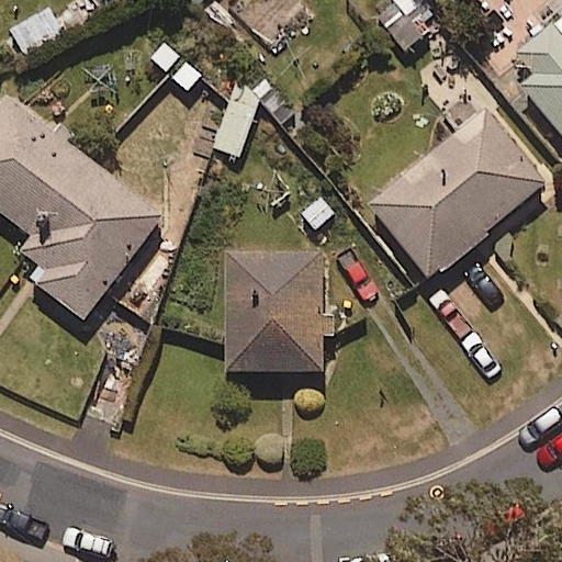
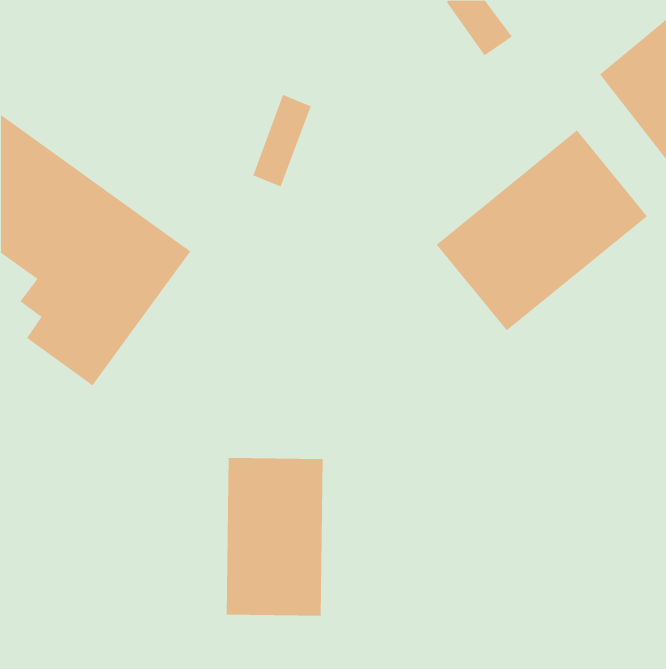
building: [225,251,321,371] -> none
building: none -> [226,457,323,617]

